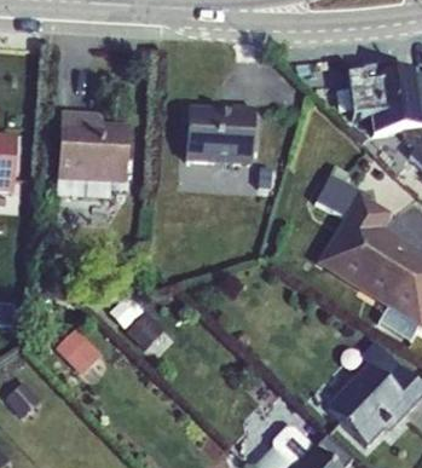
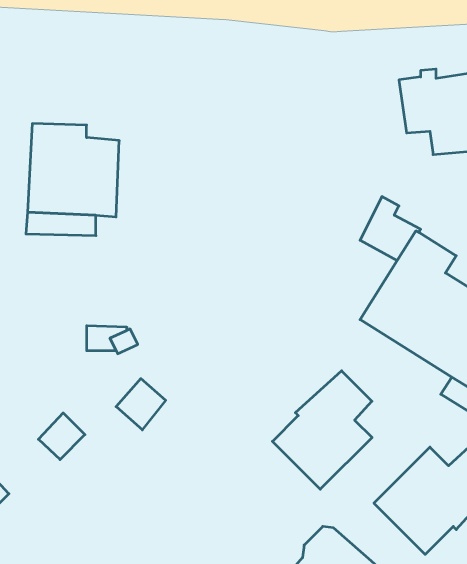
building: [185,105,254,163] -> none
building: none -> [272,371,372,489]

